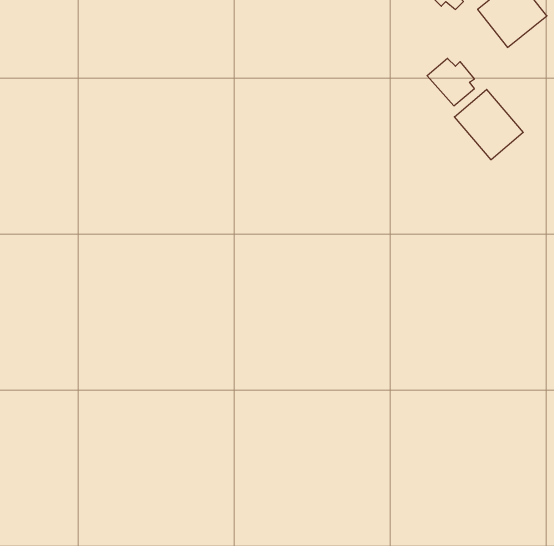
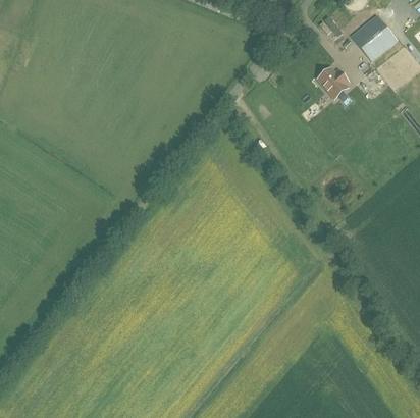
building: [454,89,523,160] -> none

